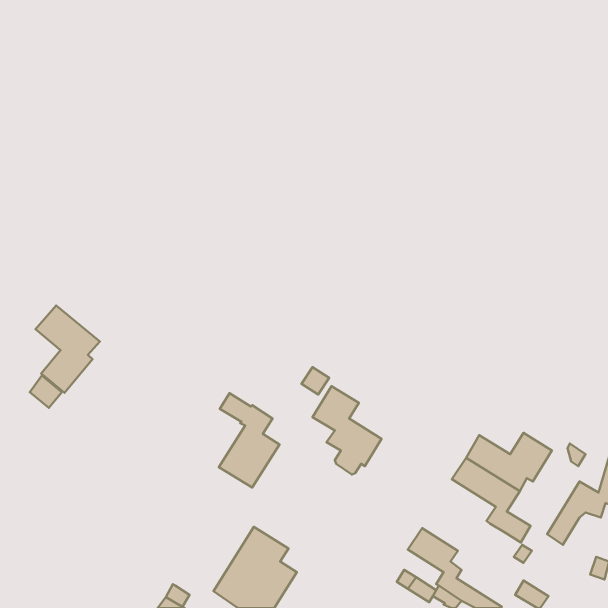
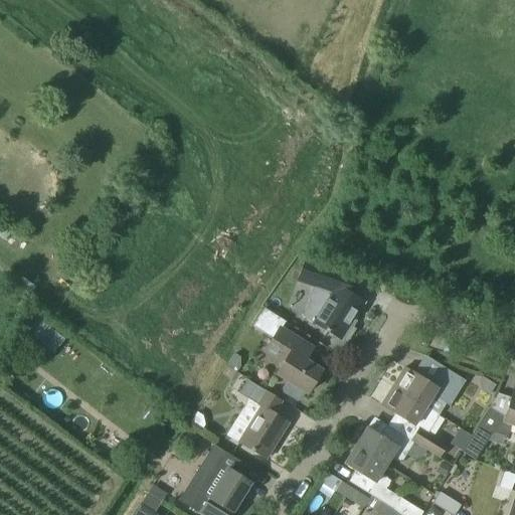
building: none -> [297,258,365,342]
building: [35,305,100,393] -> none
building: [219,393,280,487] -> [238,379,290,459]
building: none -> [357,424,414,465]

